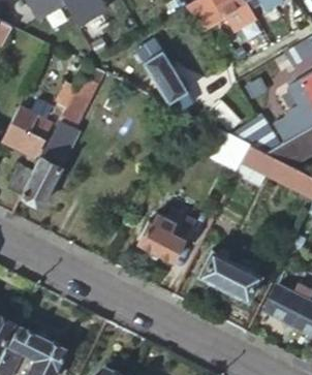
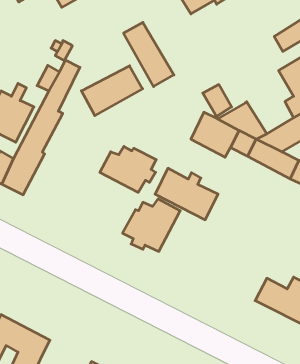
building: none -> [81,66,143,116]
building: none -> [100,146,156,192]
building: [200,252,261,302] -> [155,168,218,220]

